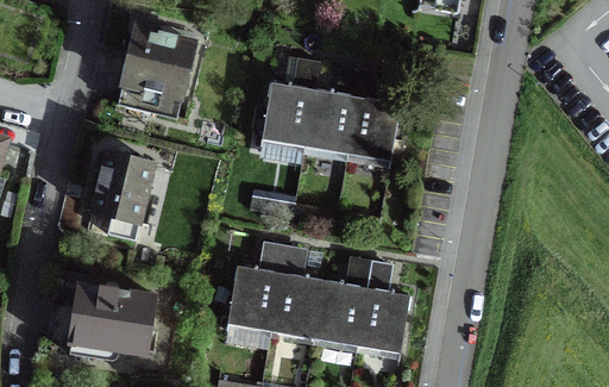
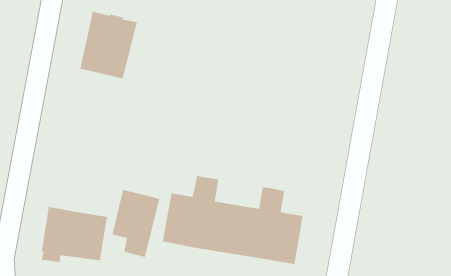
building: [260,58,401,168] -> none
building: [92,151,155,241] -> [112,189,160,258]

